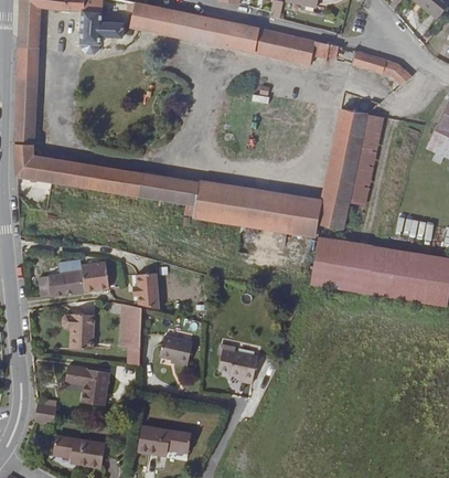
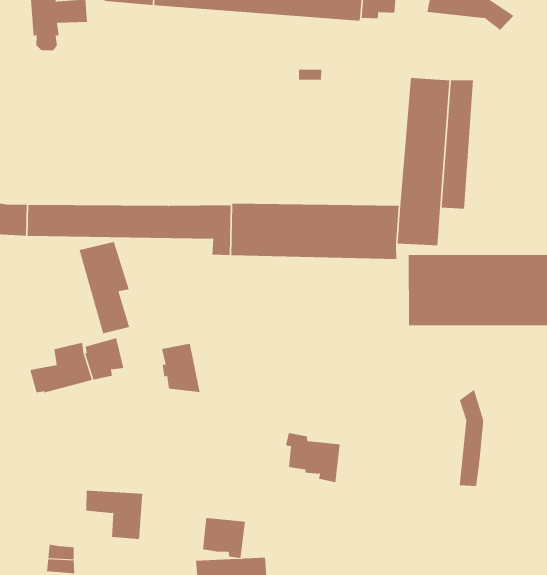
building: none -> [79,241,130,334]
building: [121,304,139,347] -> none
building: [63,314,95,349] -> none
building: none -> [459,389,484,487]
building: [157,336,190,368] -> [202,517,246,558]

